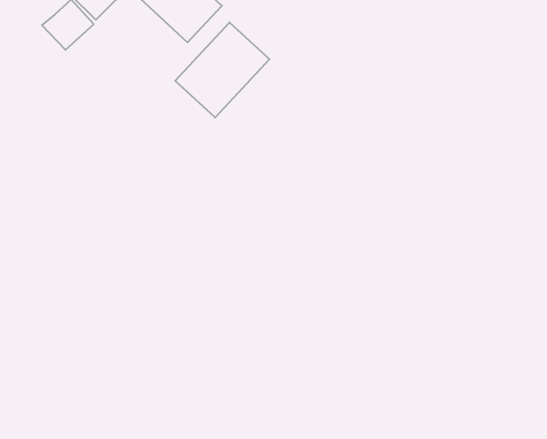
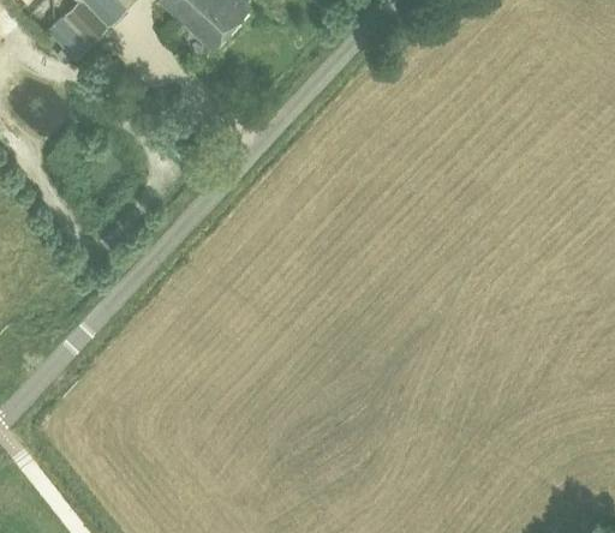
building: [175,22,270,118] -> none

